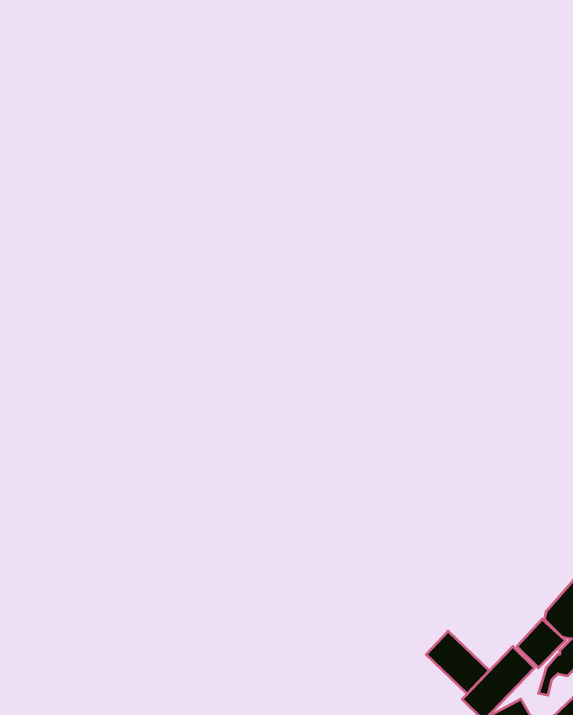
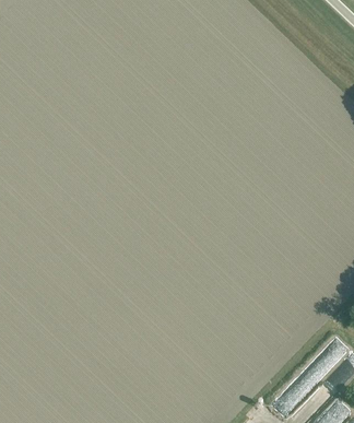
building: [426,631,489,694] -> none

